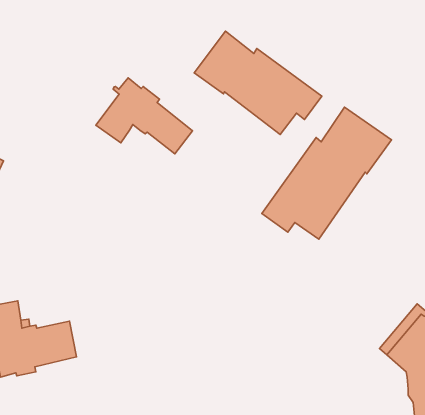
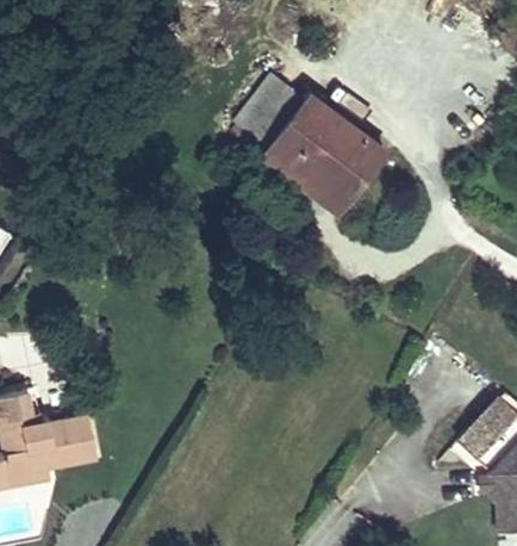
building: [96,78,193,154] -> none
building: [262,107,392,239] -> none

